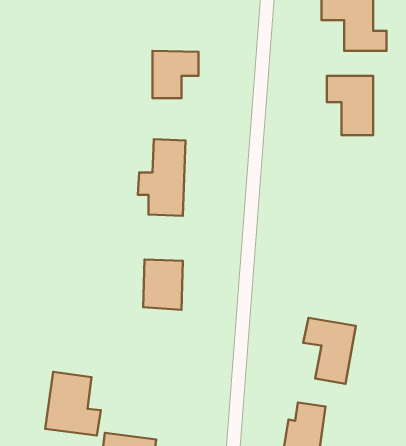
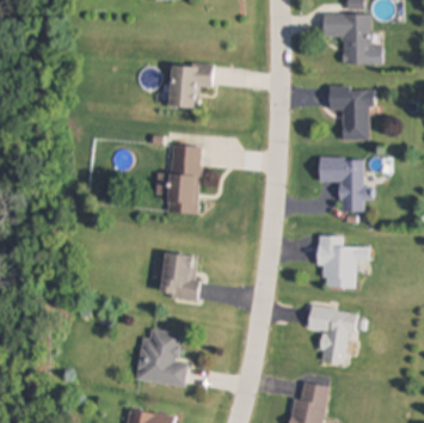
building: none -> [319,157,363,212]
building: none -> [318,234,368,287]
building: [45,372,101,435] -> [137,327,188,385]

